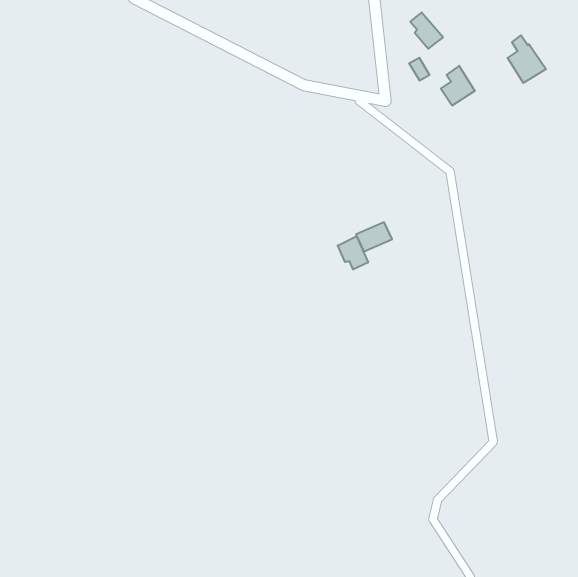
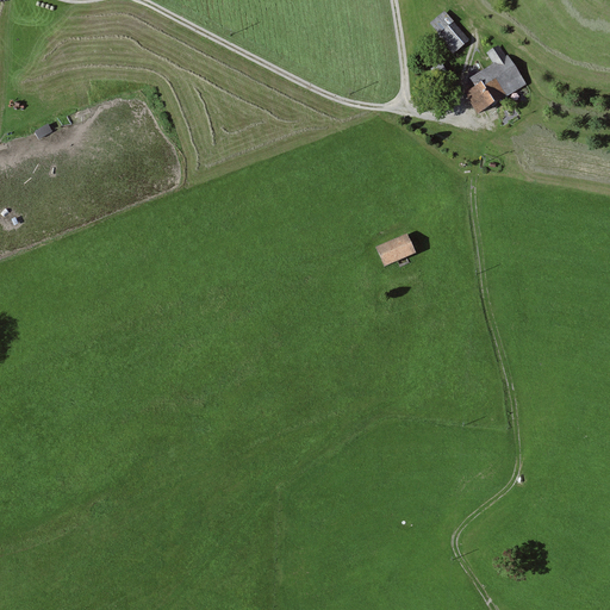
building: [507,35,546,83] -> [484,45,524,95]
building: [338,236,368,270] -> none

